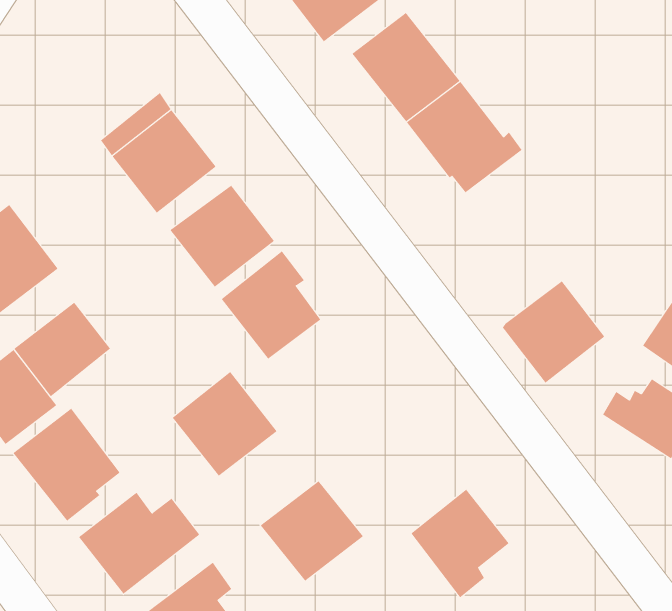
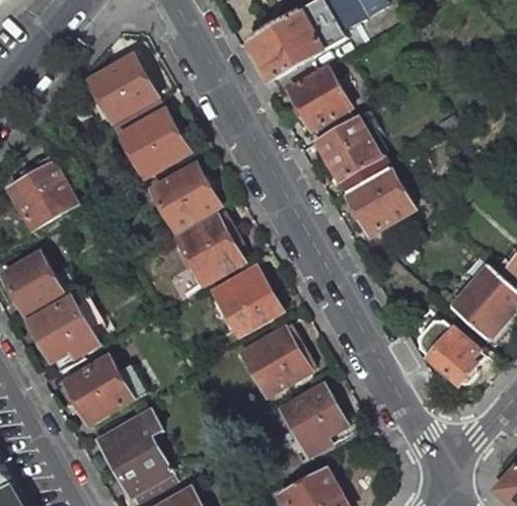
building: none -> [89,56,156,122]
building: [502,280,605,383] -> [347,168,414,234]
building: [14,302,111,397] -> none
building: [172,371,277,476] -> [212,268,280,336]
building: [260,480,364,581] -> [241,330,308,394]

